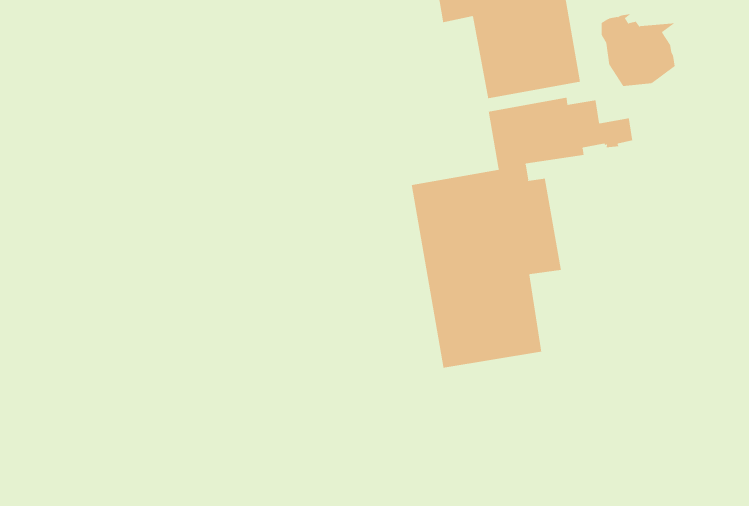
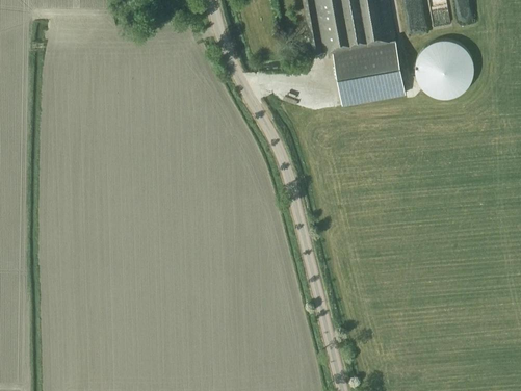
building: [411,97,633,368] -> none

